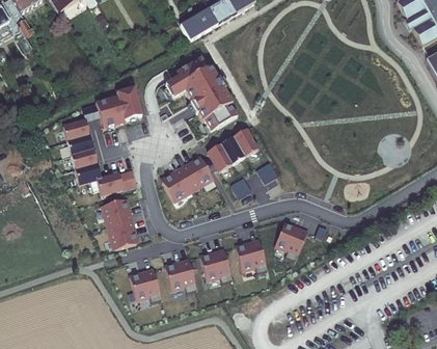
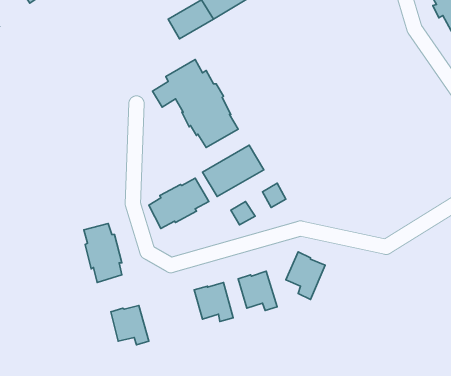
building: [95,86,141,127] -> none
building: [62,117,122,192] -> none
building: [164,257,197,291] -> none

